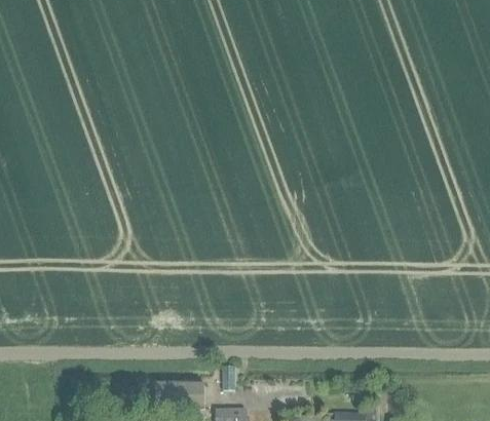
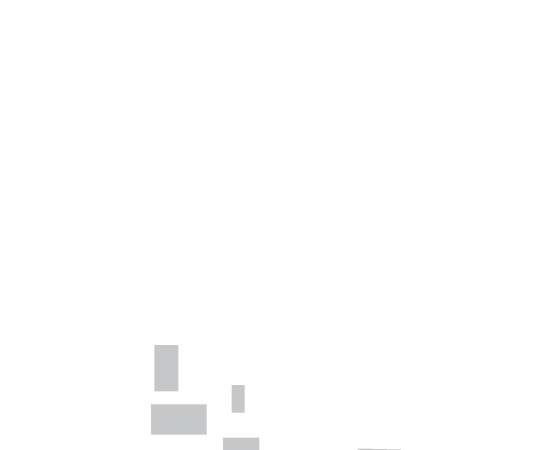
building: none -> [153,344,179,392]

